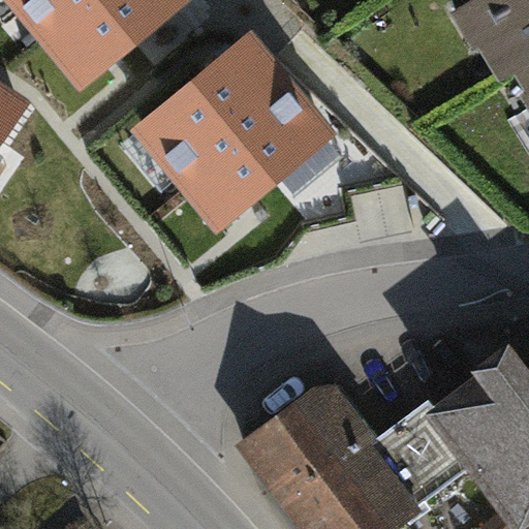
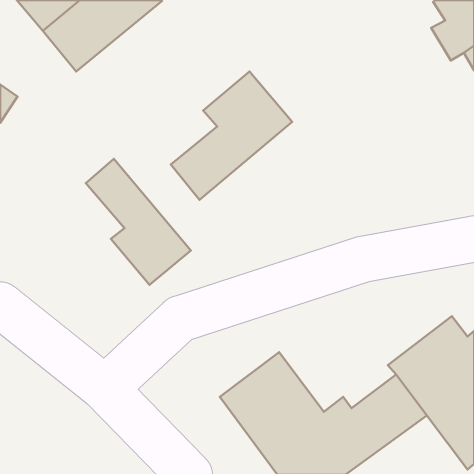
building: [143,42,278,184] -> none
building: none -> [86,159,191,285]

